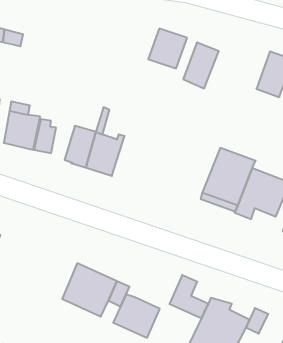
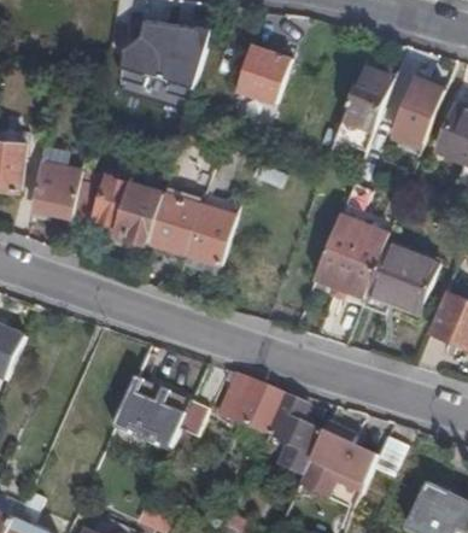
building: none -> [115,20,209,100]
building: [183,43,219,88] -> [341,63,392,128]
building: none -> [183,195,234,263]
building: [113,295,160,338] -> [217,373,283,434]

